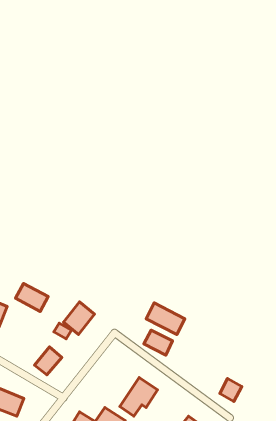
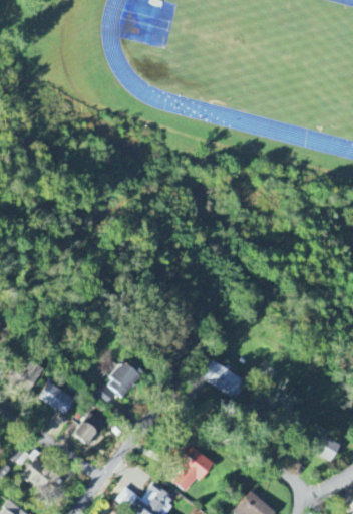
building: [16,283,48,312] -> [38,381,75,414]
building: [144,330,173,355] -> none
building: [220,379,242,401] -> [315,435,340,461]

